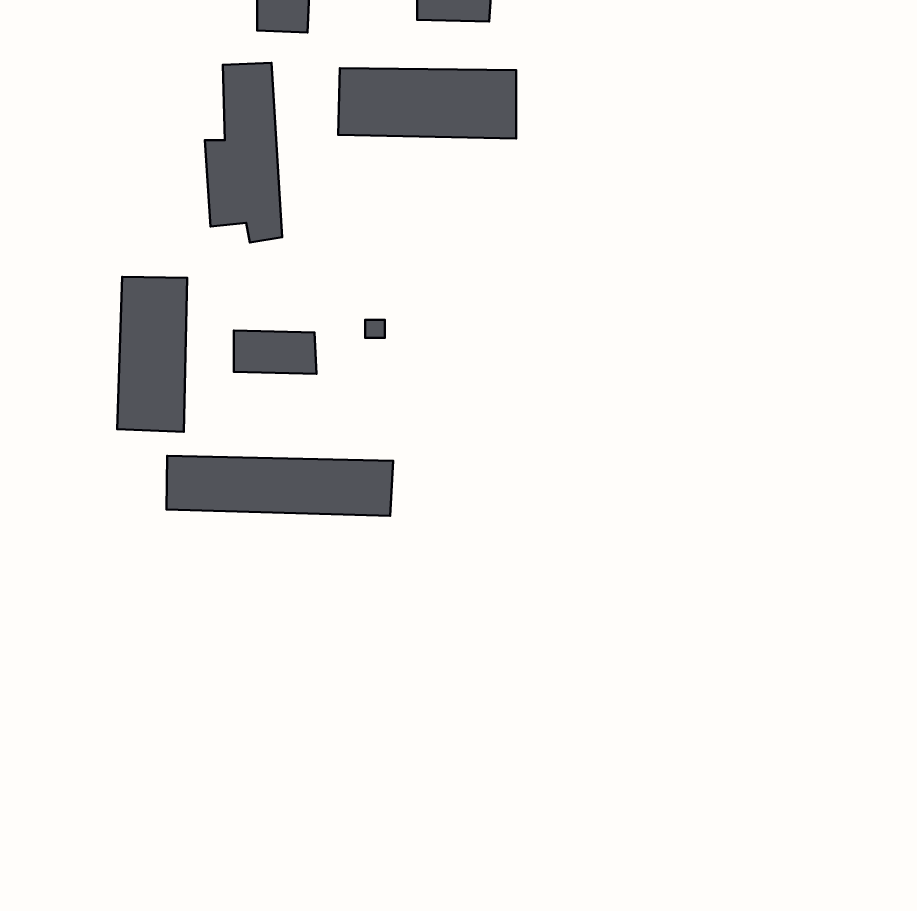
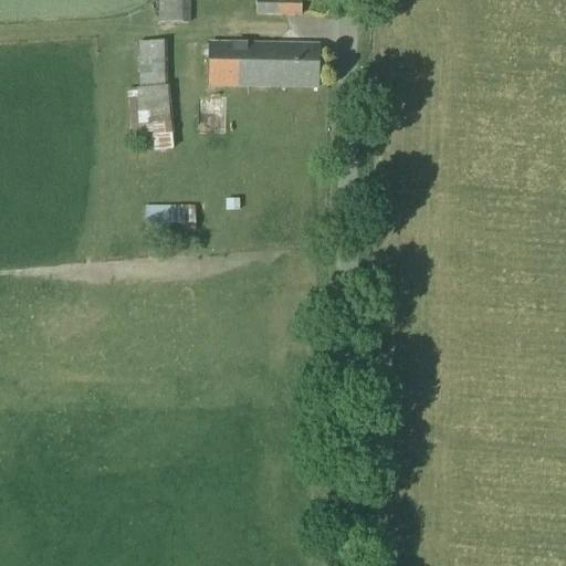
building: [117,277,187,432] -> none
building: [167,456,393,516] -> none

